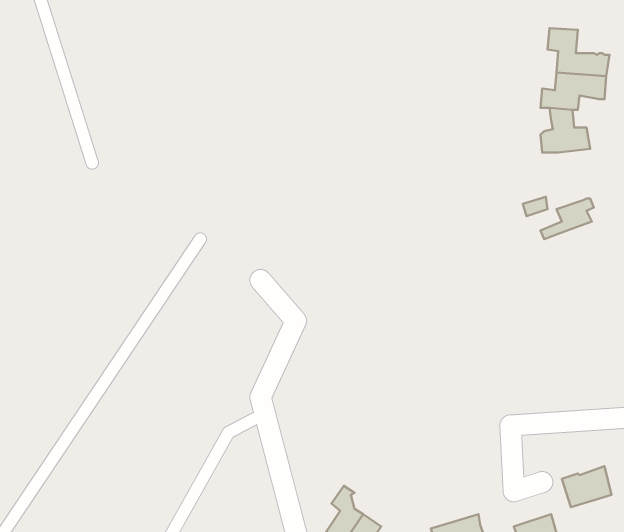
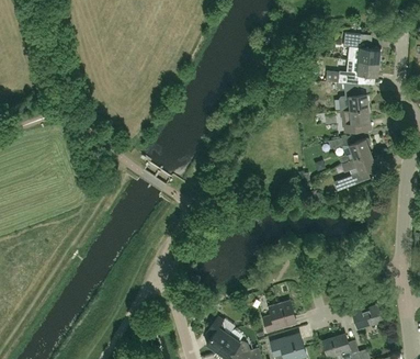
building: none -> [340,108,371,132]
building: none -> [336,153,376,190]
building: none -> [263,301,296,332]

